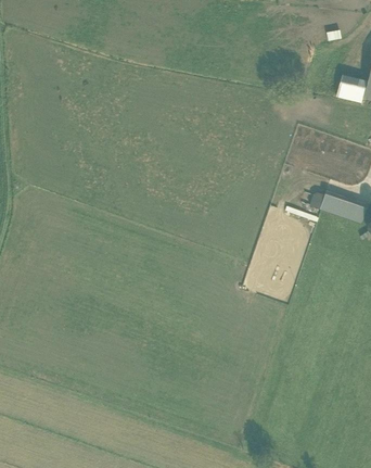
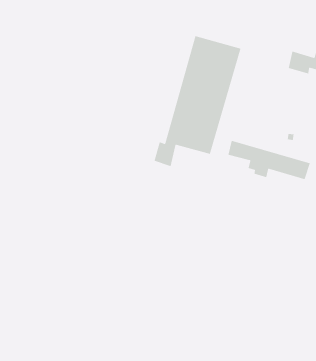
building: none -> [154,35,241,167]

